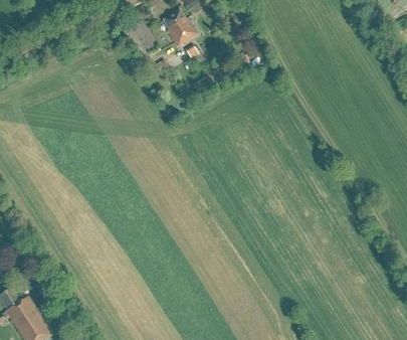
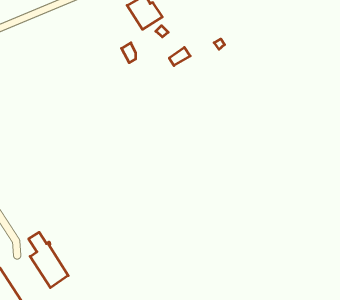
building: none -> [29,232,68,288]

